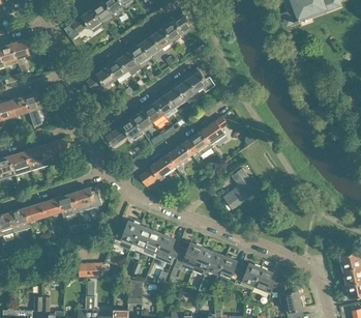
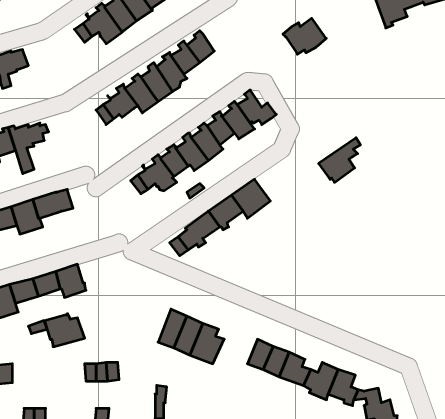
building: [161,13,192,39] -> [283,18,326,54]
building: [201,113,231,145] -> [319,138,360,182]
building: [224,169,263,208] -> none
building: [73,187,102,211] -> [44,314,85,347]
building: [113,221,141,251] -> none
building: [175,242,203,271] -> none

